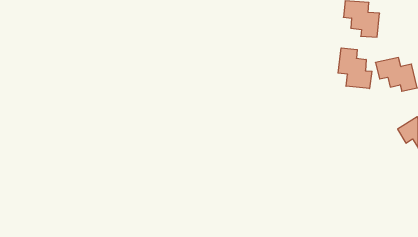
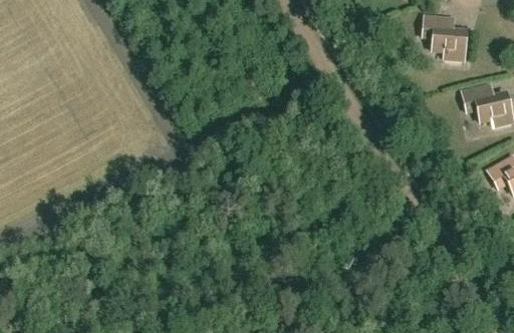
building: [338,48,372,89] -> none

